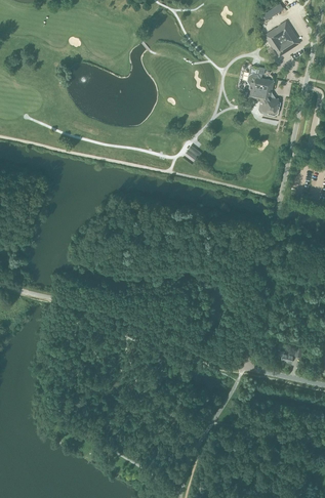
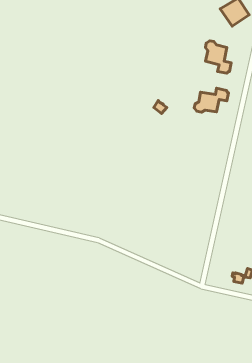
building: none -> [194,88,228,112]

